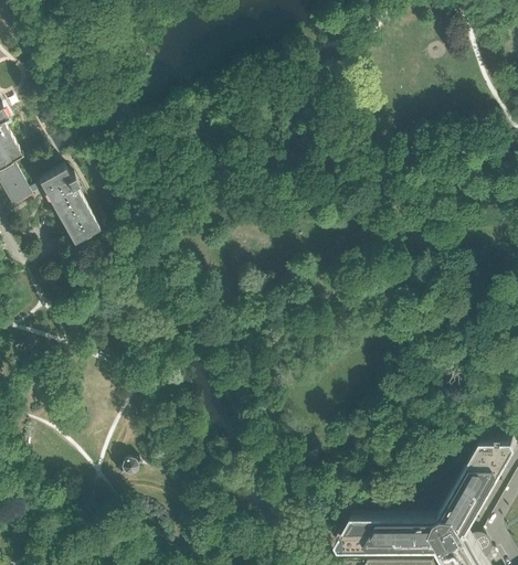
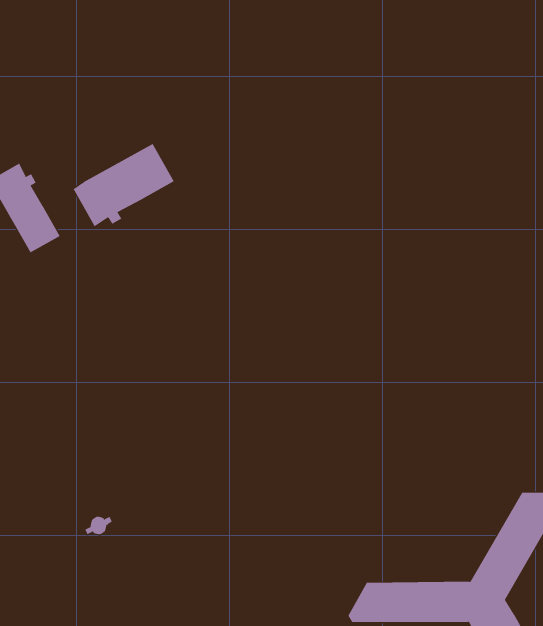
building: none -> [73,143,174,227]

